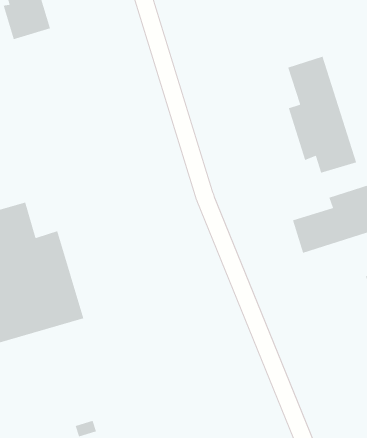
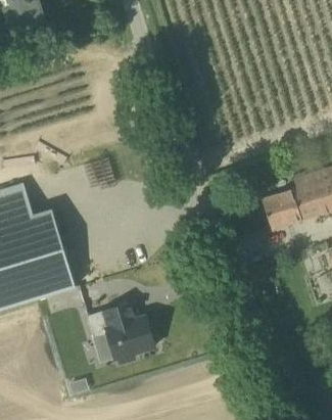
building: [288,56,357,173] -> none
building: none -> [86,301,154,362]

